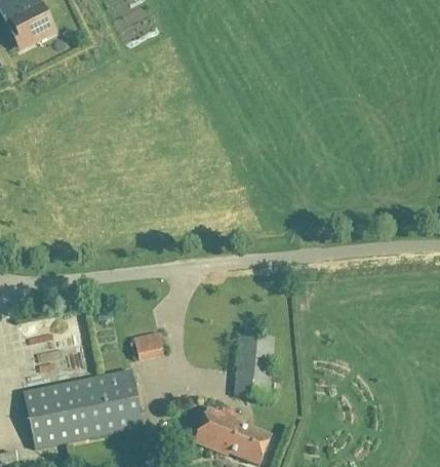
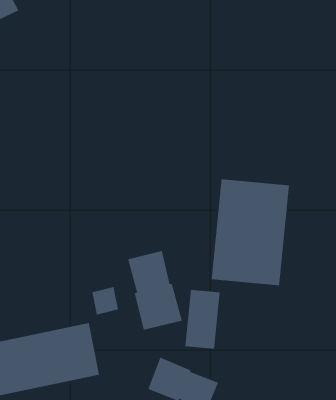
building: none -> [211,178,290,286]
building: none -> [127,250,183,331]

